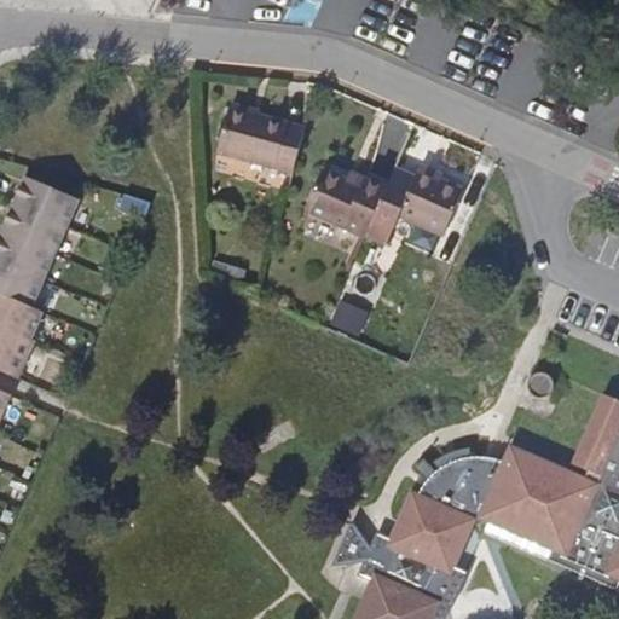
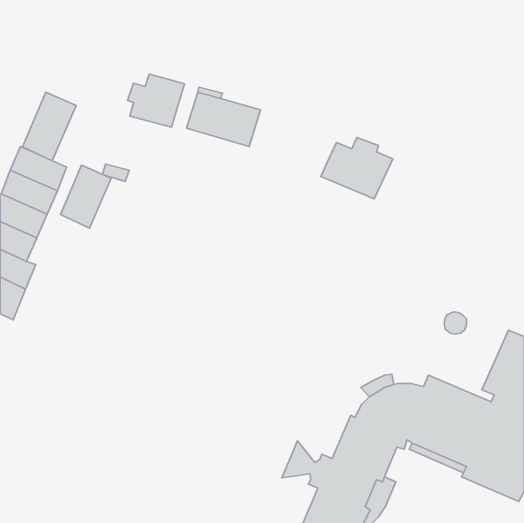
building: none -> [128,74,184,127]
building: none -> [23,92,76,161]
building: [306,166,389,239] -> none
building: none -> [60,165,111,228]

